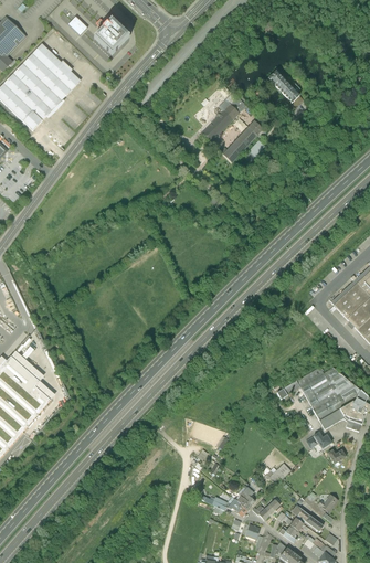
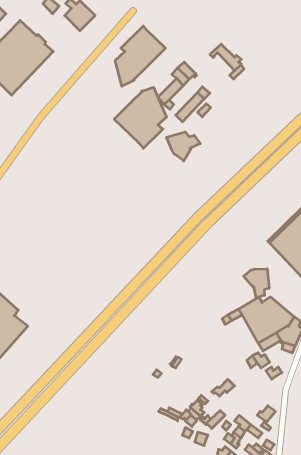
building: none -> [115,26,165,86]
building: none -> [114,87,167,148]
building: none -> [167,132,200,161]
building: none -> [244,269,269,298]

